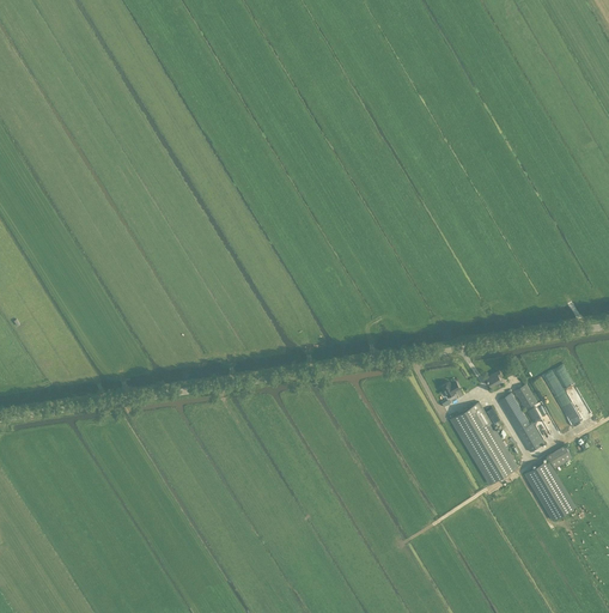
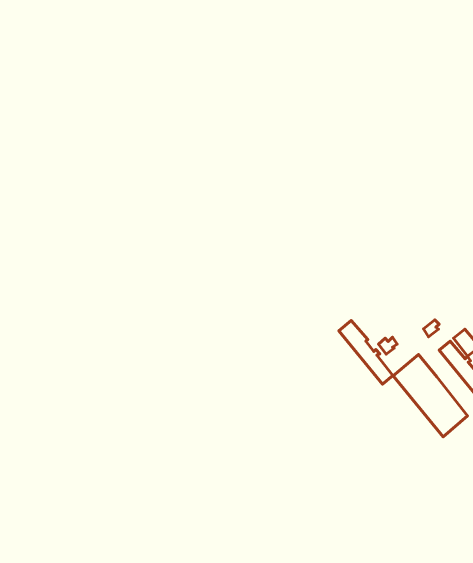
building: none -> [339,320,393,384]

